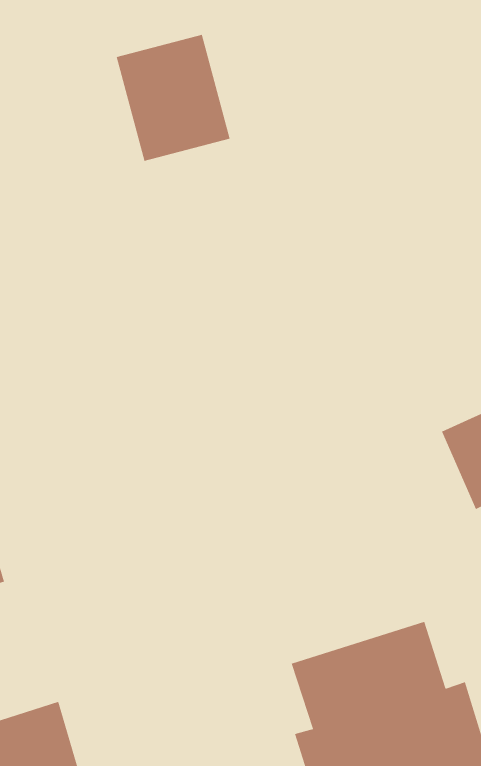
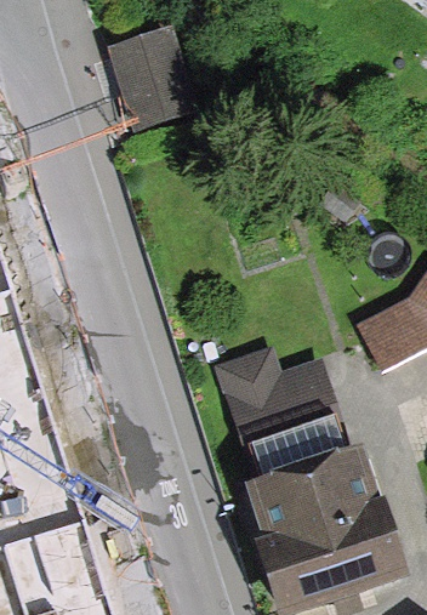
building: none -> [215,344,345,455]

